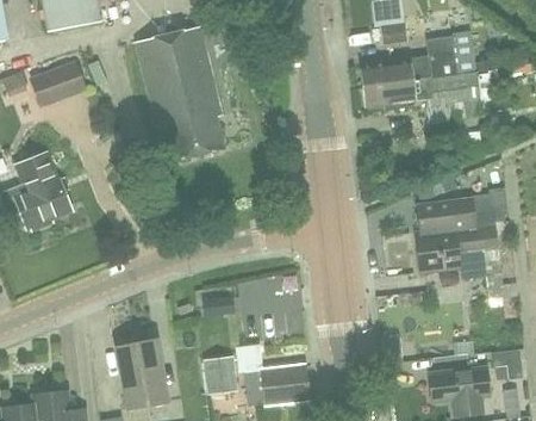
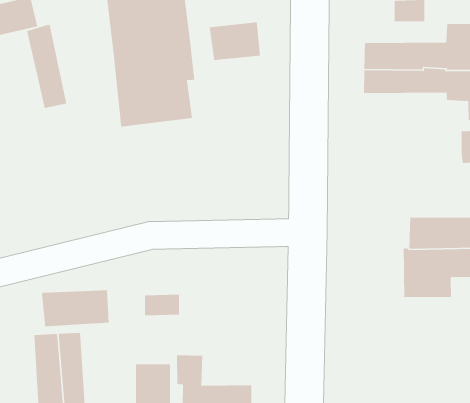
building: none -> [209,21,261,61]
building: none -> [26,24,67,109]
building: none -> [41,290,109,327]

